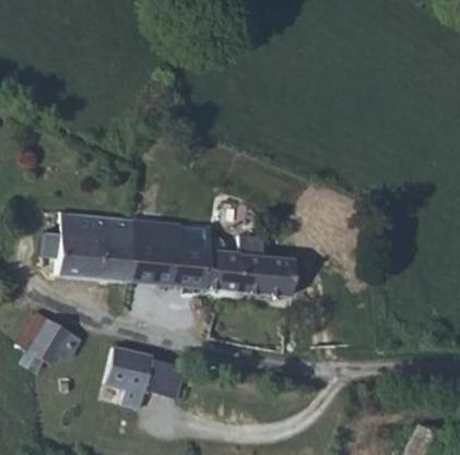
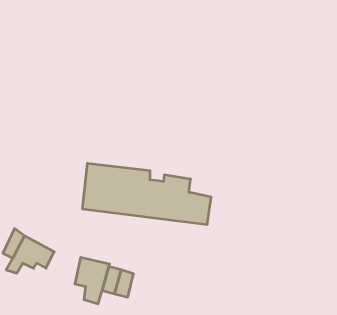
building: [42,212,127,280] -> none

